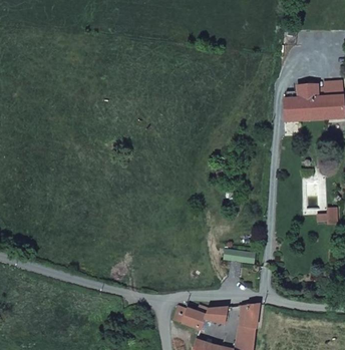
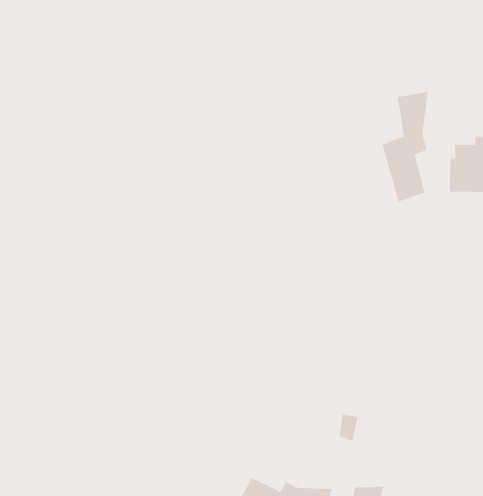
building: none -> [382,91,428,203]

